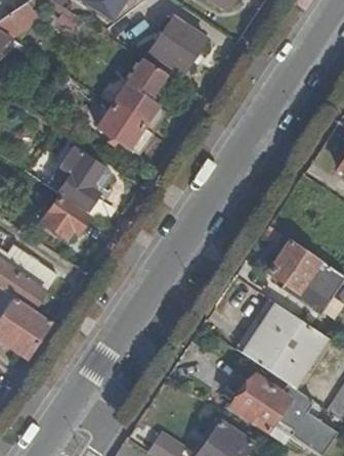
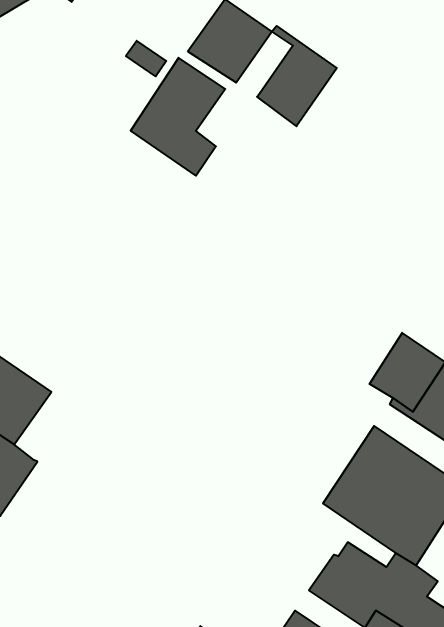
building: none -> [257,26,337,126]
building: [95,105,154,156] -> none
building: [58,147,101,207] -> none
building: [40,196,86,237] -> none

